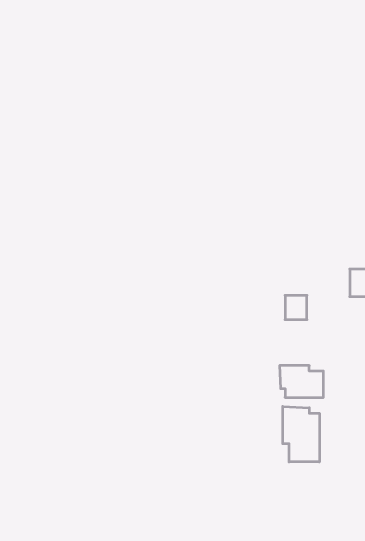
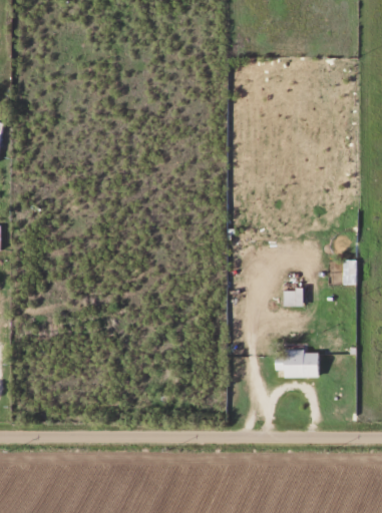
building: [283,406,319,462] -> none

